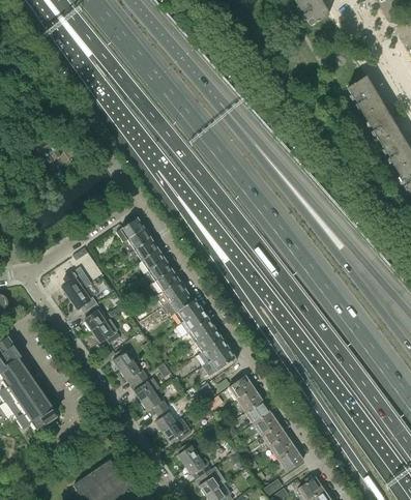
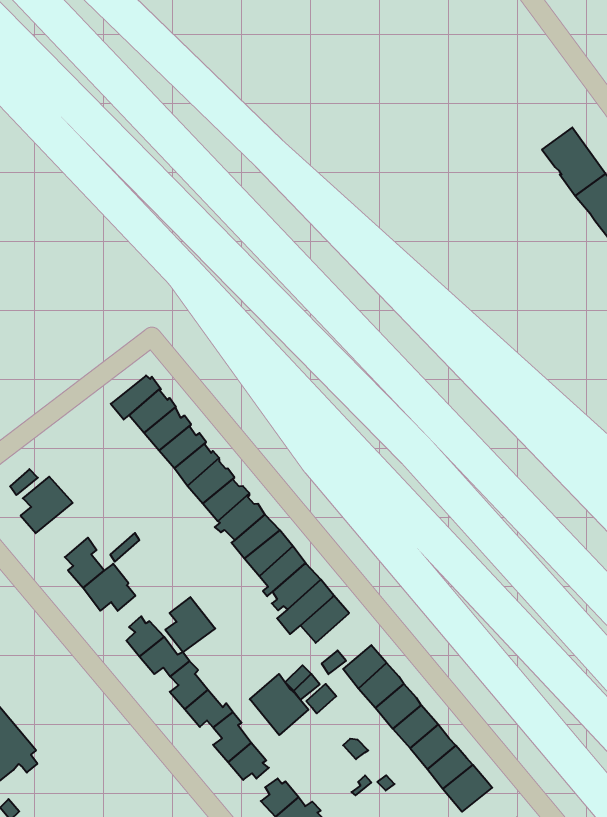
building: [348,77,382,116] -> none
building: [69,283,98,312] -> none
building: none -> [165,597,215,652]
building: none -> [250,674,308,735]

